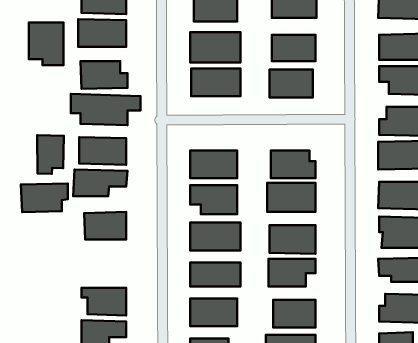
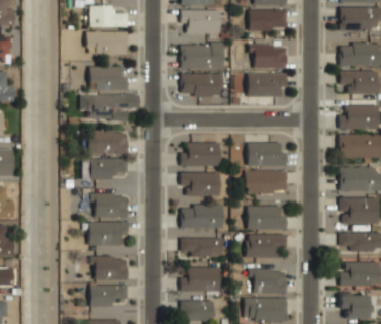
building: [29,23,64,65] -> none
building: [37,135,64,174] -> none
building: [21,183,68,212] -> [88,222,127,246]

